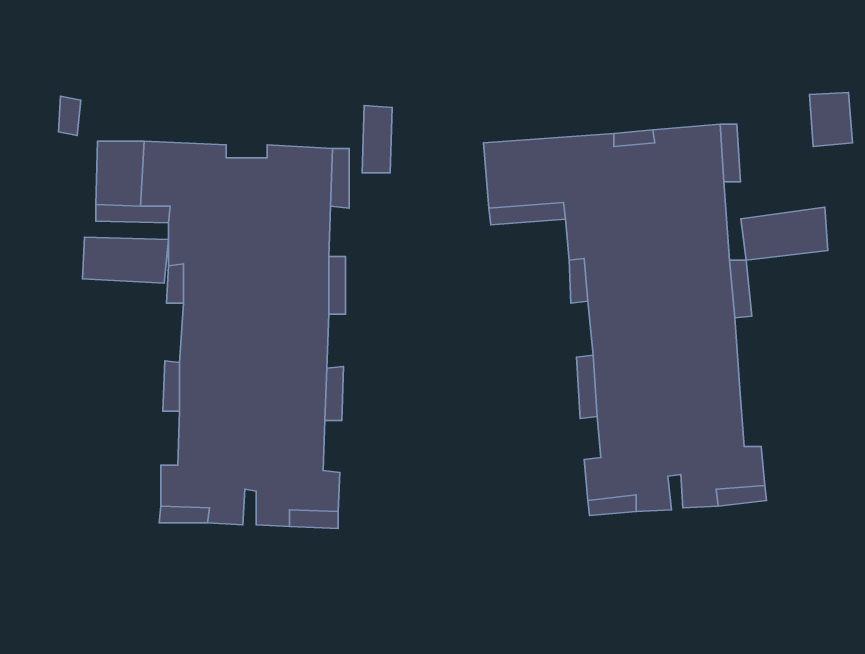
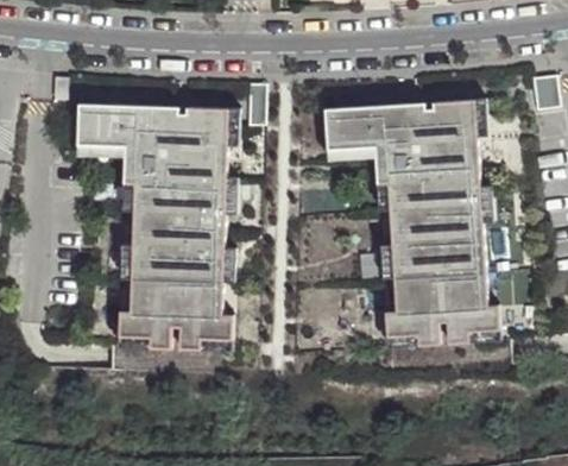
building: [741,207,828,260] -> none
building: [83,237,168,283] -> none

